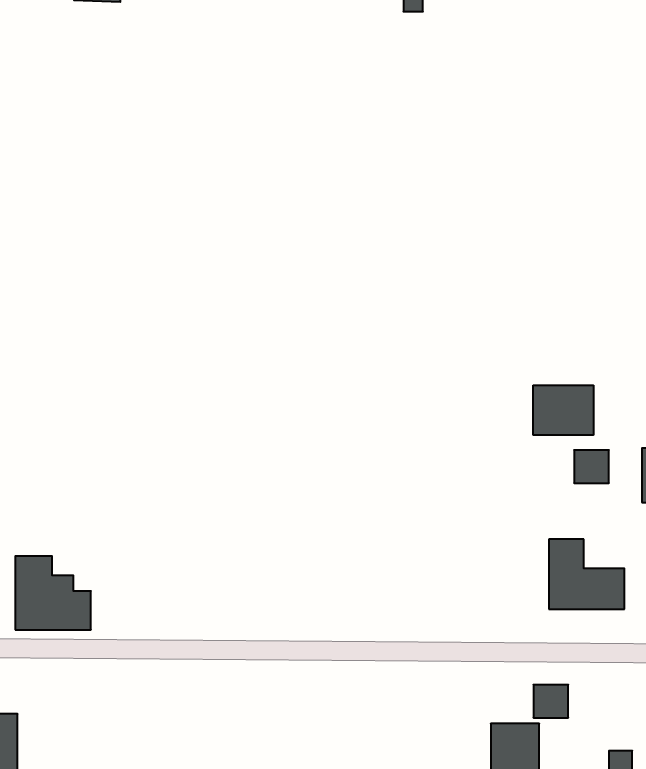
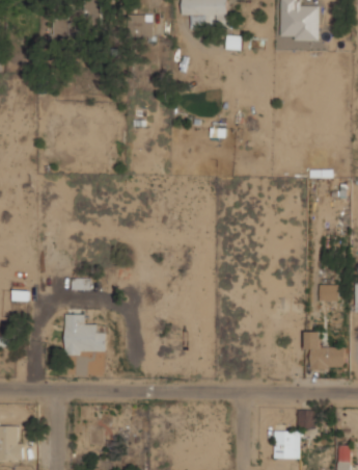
building: [533,385,593,435] -> none
building: [15,556,91,630] -> [64,315,105,355]

